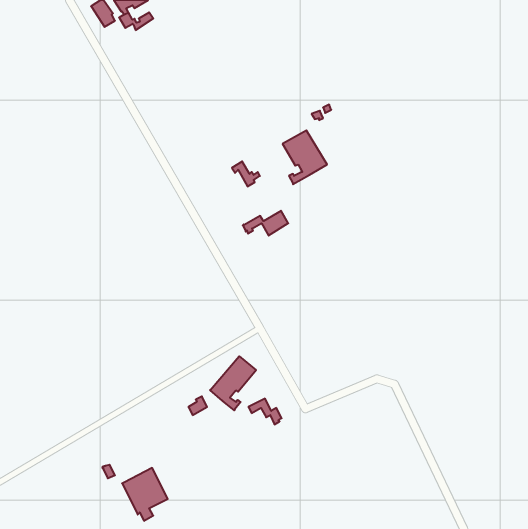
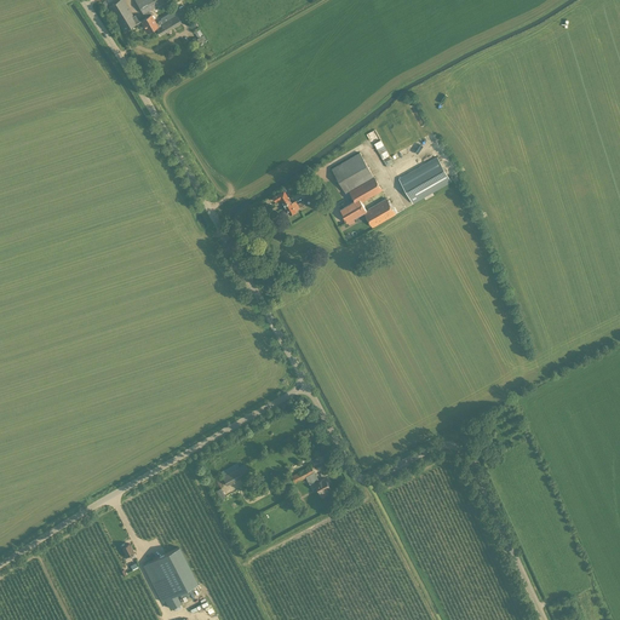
building: none -> [398,156,449,203]
building: [243,211,288,236] -> [341,199,395,228]
building: [210,356,256,410] -> none

